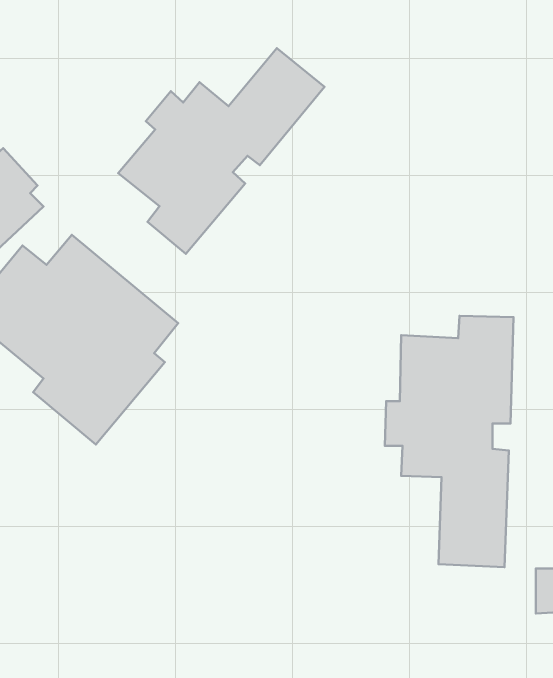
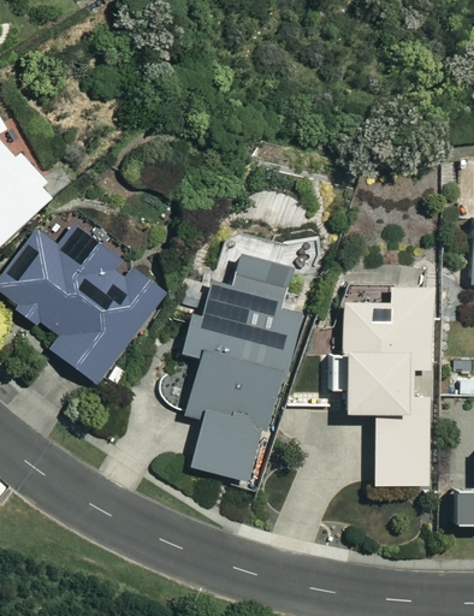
building: [118,48,324,254] -> none
building: none -> [178,257,302,484]

